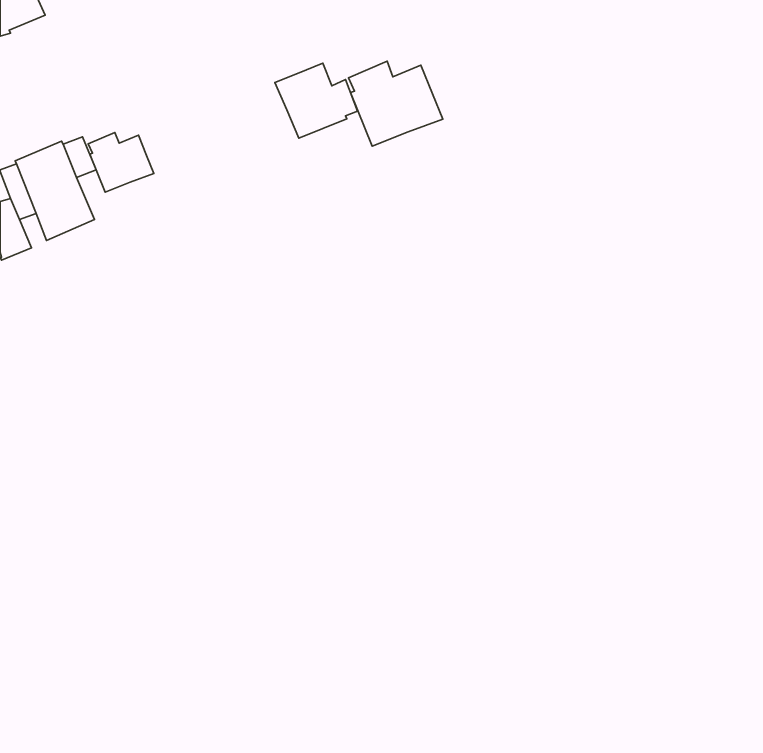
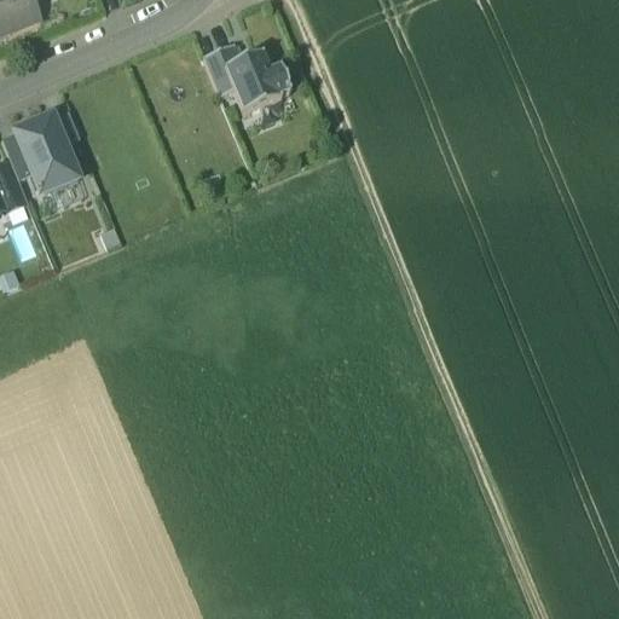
building: none -> [204,41,243,94]
building: [349,61,443,146] -> none
building: [88,132,154,192] -> none

